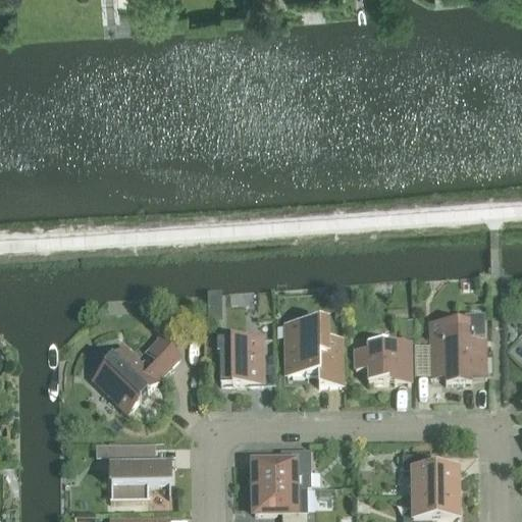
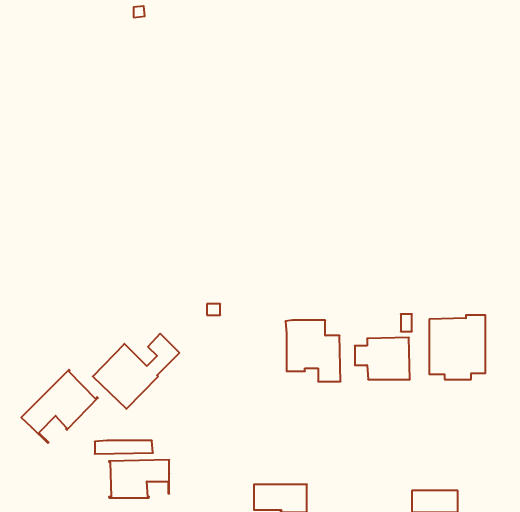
building: [219,334,263,380] -> none
building: none -> [21,370,98,443]
building: [253,447,310,484] -> none
building: [402,451,458,490] -> none

